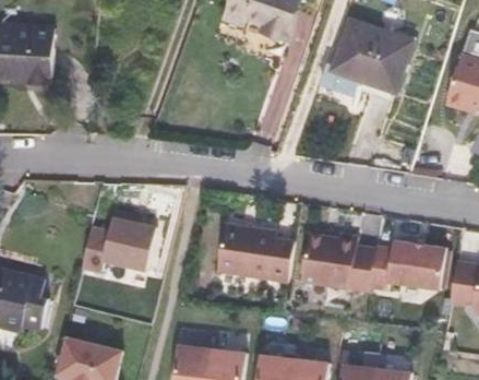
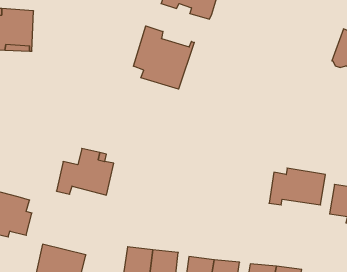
building: [333,20,411,86] -> none
building: none -> [133,26,194,89]
building: [215,222,291,281] -> none
building: [299,229,373,287] -> none

